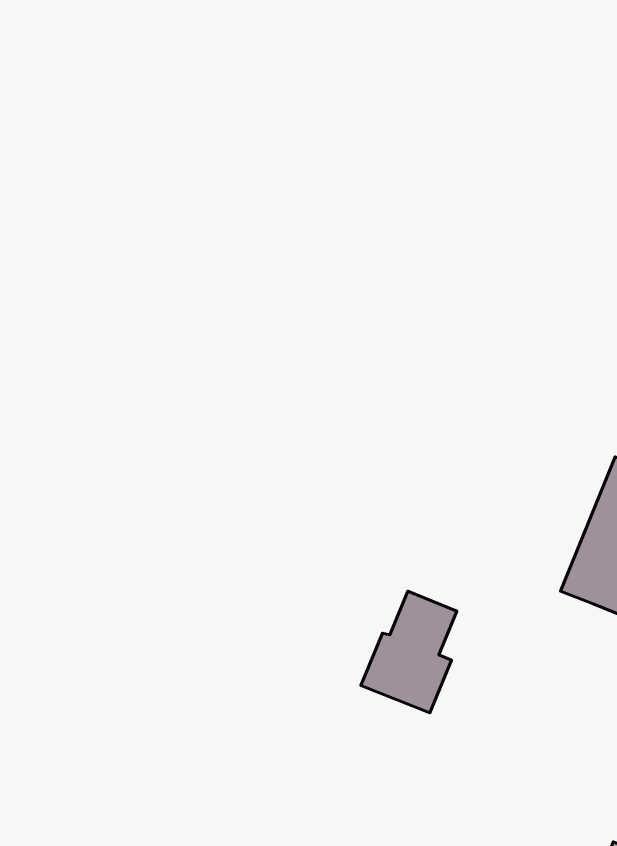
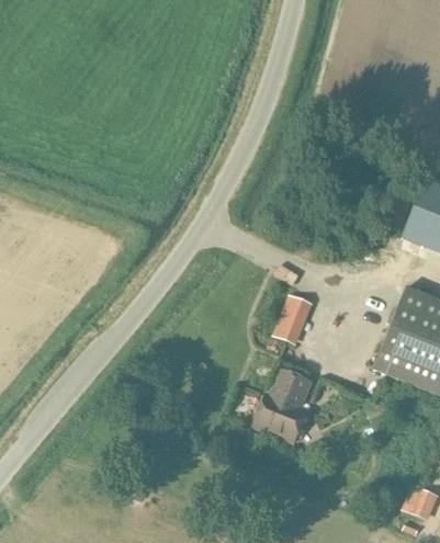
building: none -> [272,294,308,342]

